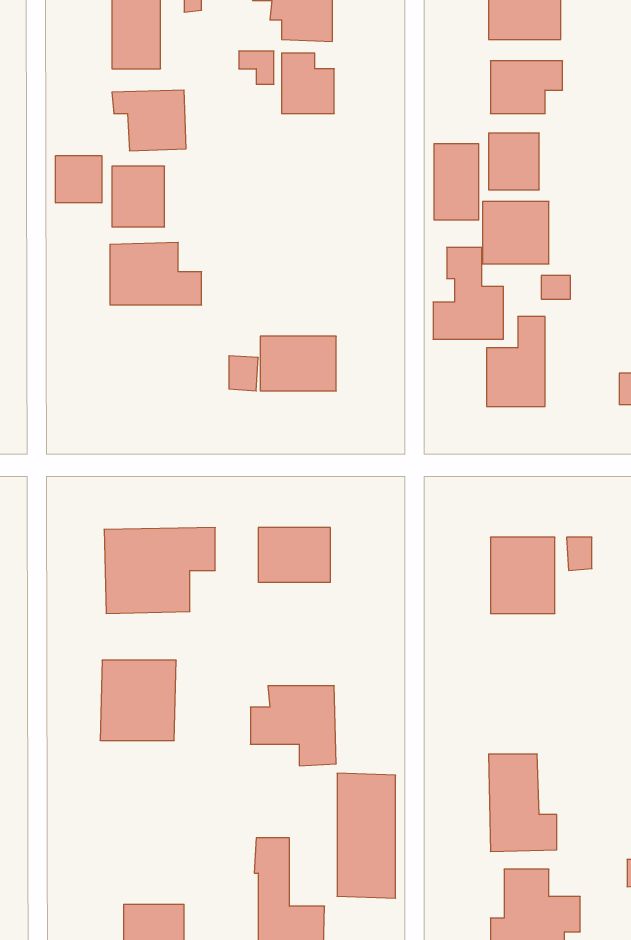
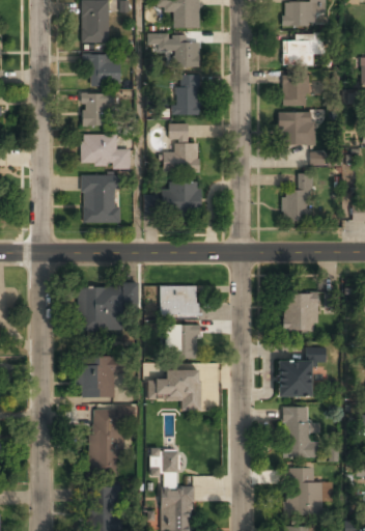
building: [434,144,479,220] -> [175,74,199,114]
building: [56,156,102,203] -> none
building: [433,247,503,339] -> [162,123,199,172]
building: none -> [82,174,116,222]
building: none -> [167,325,197,358]
building: none -> [278,346,327,396]
building: [337,773,396,898] -> [90,409,121,475]

